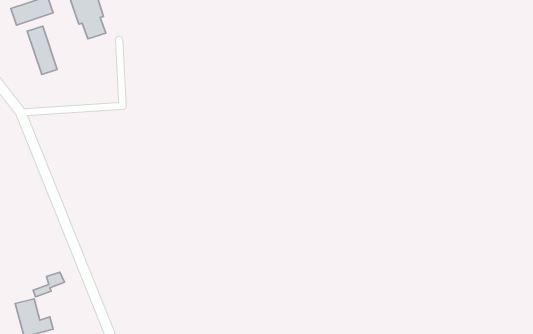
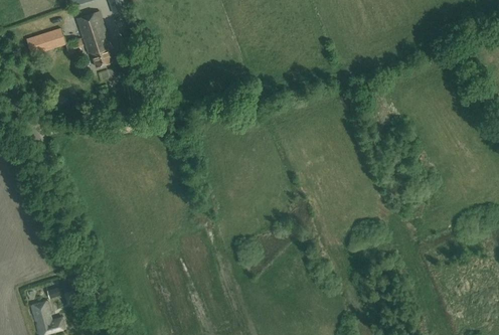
building: [27,26,57,74] -> none

